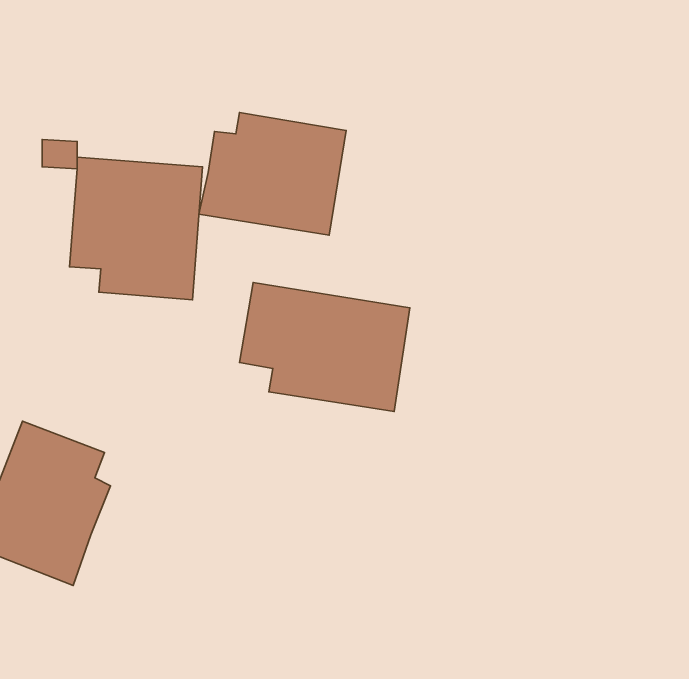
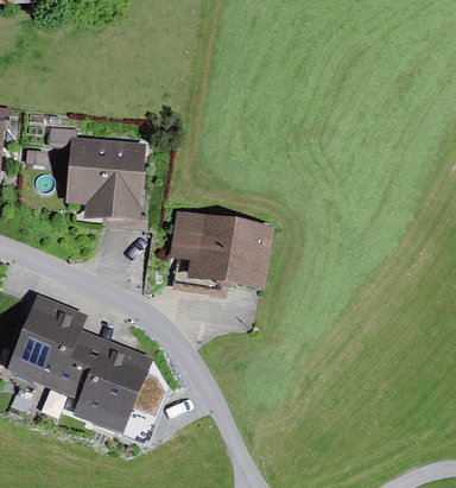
building: [199,113,346,235] -> none
building: none -> [70,332,162,433]

